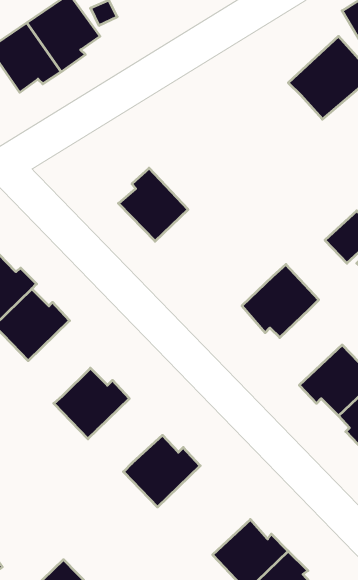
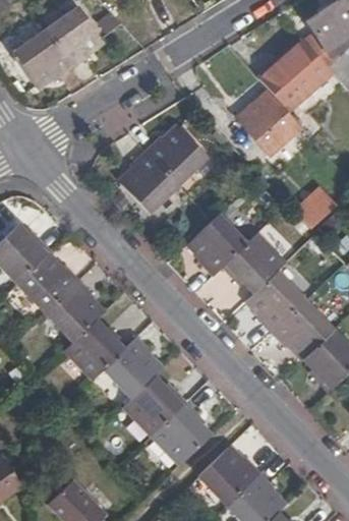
building: none -> [238,91,300,154]
building: none -> [146,126,209,186]
building: none -> [188,213,248,276]
building: none -> [246,270,306,333]
building: none -> [45,279,105,342]
building: none -> [103,335,163,398]
building: none -> [153,400,214,464]

